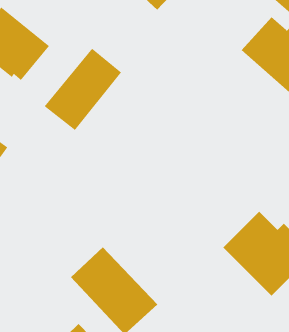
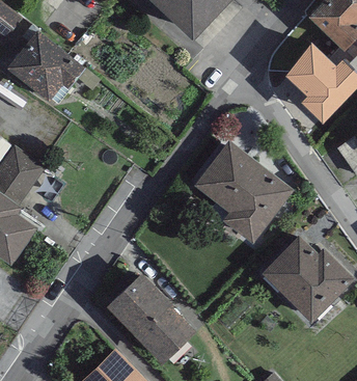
building: [44,48,122,131] -> none
building: none -> [193,142,293,247]

